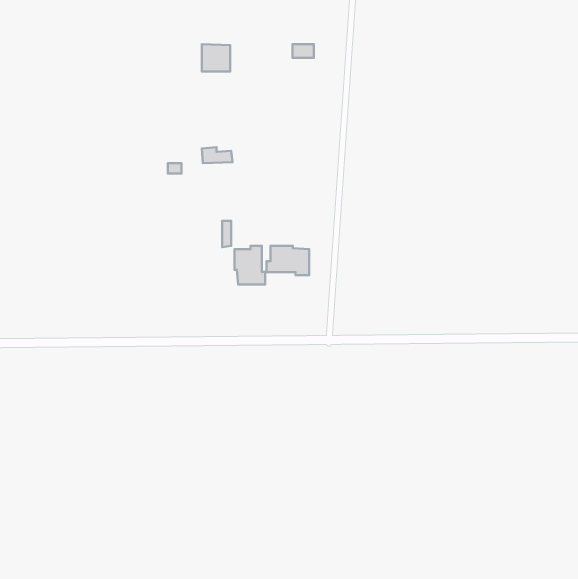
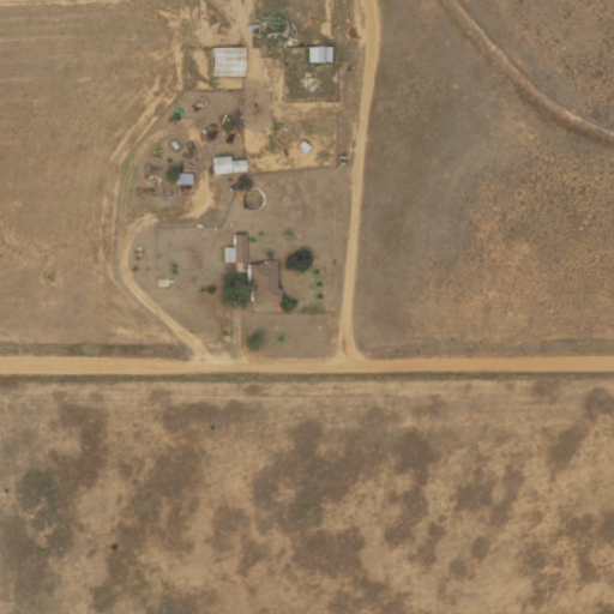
building: [267,246,309,275] -> none

